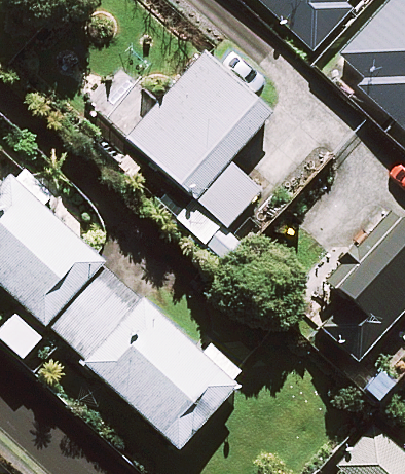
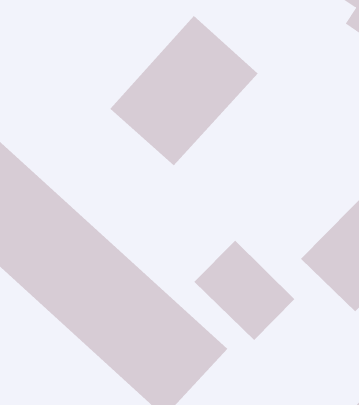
building: none -> [194,240,295,341]

